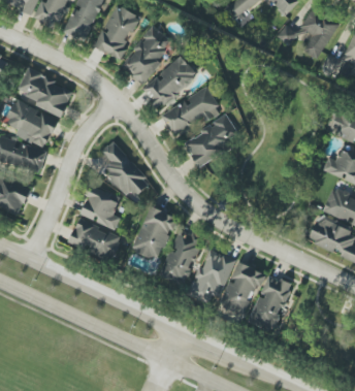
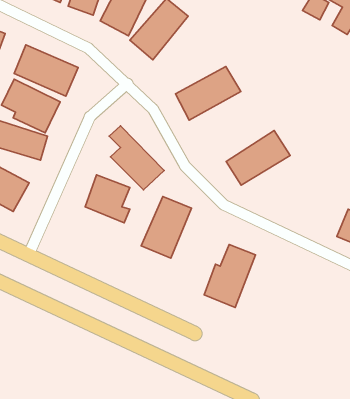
building: [142,56,198,110] -> none
building: [184,116,241,165] -> [226,131,290,185]
building: [68,220,121,259] -> none
building: [160,230,201,287] -> none
building: [220,263,261,319] -> none
building: [249,275,292,333] -> none

